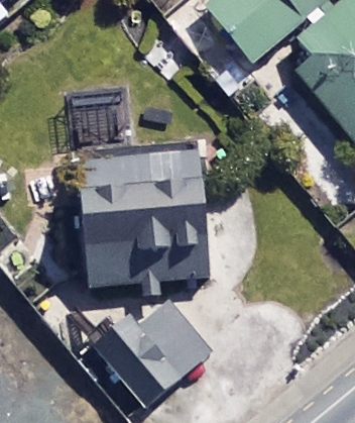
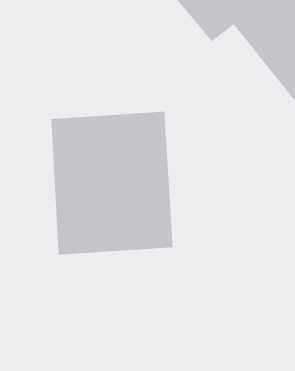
building: [101,301,210,406] -> none

